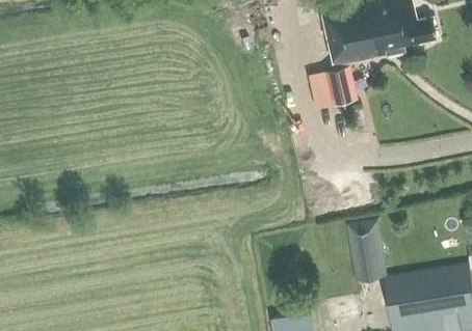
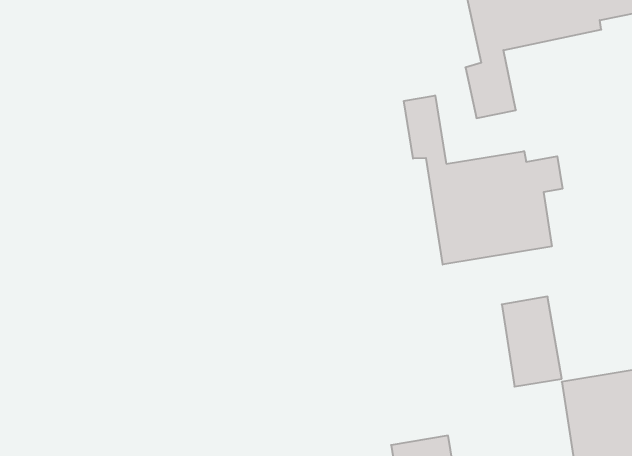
building: none -> [404,95,562,265]

